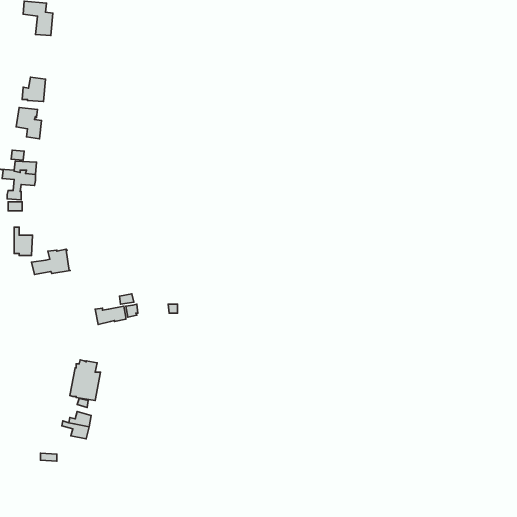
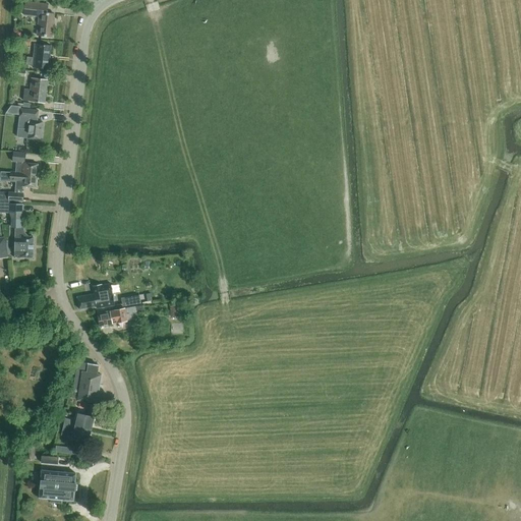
building: none -> [32,43,50,68]
building: [32,249,70,274] -> [75,283,114,308]
building: none -> [38,469,74,502]

